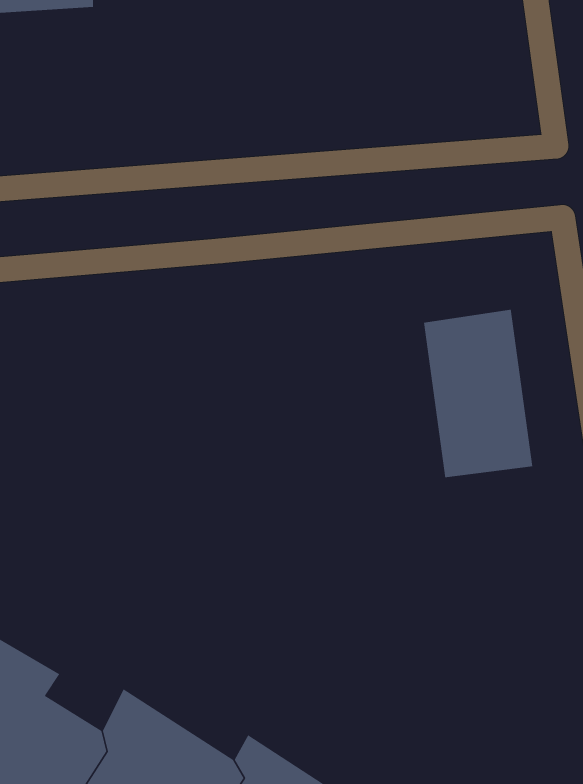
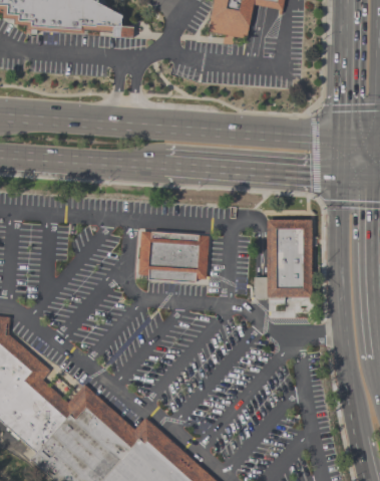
building: none -> [140,230,215,283]

